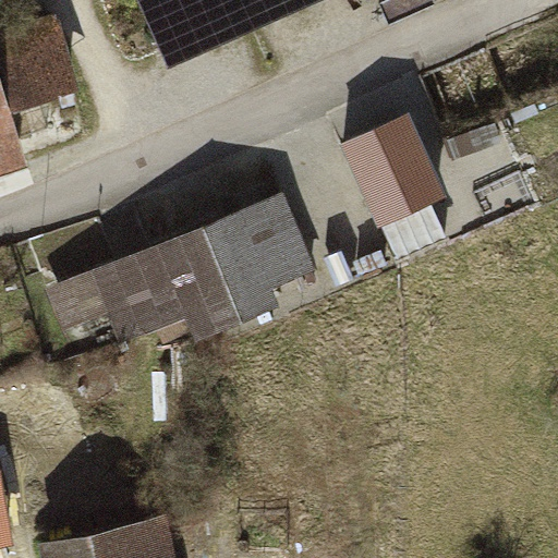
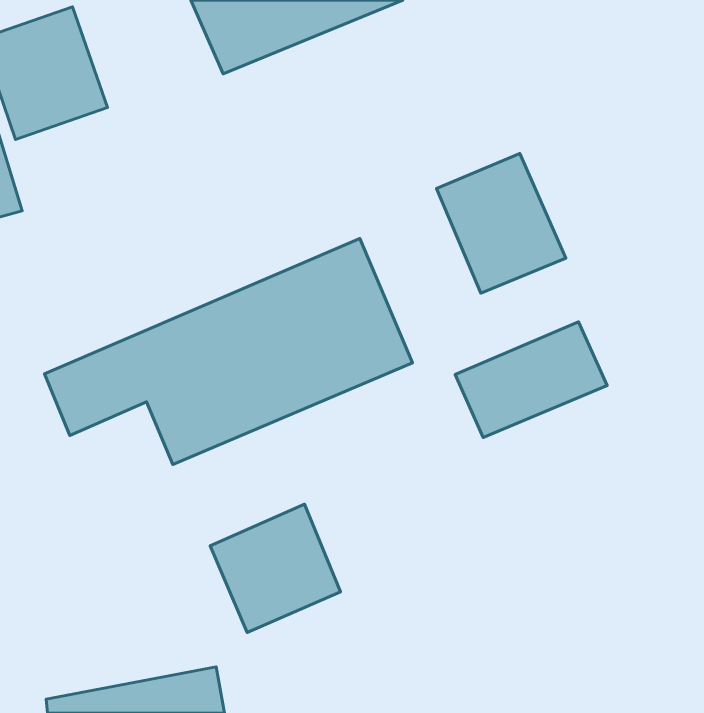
building: none -> [455,322,607,437]
building: none -> [210,504,340,632]

